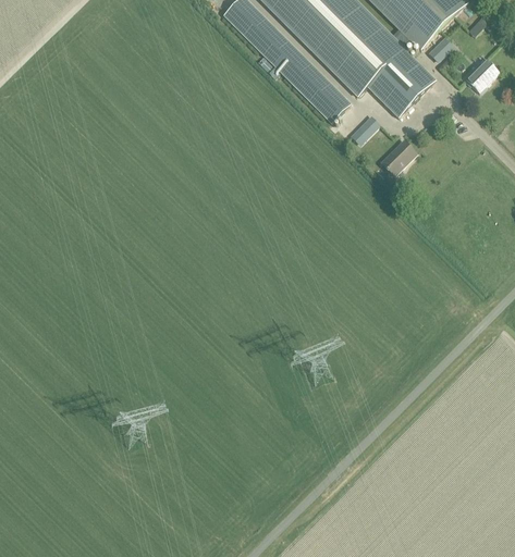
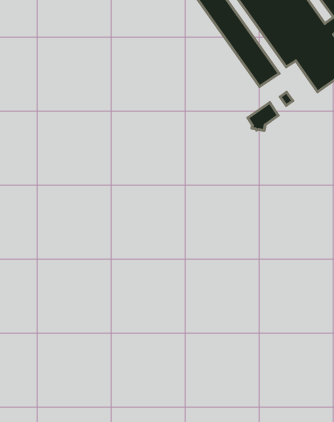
building: [381,139,415,173] -> [248,102,278,130]

